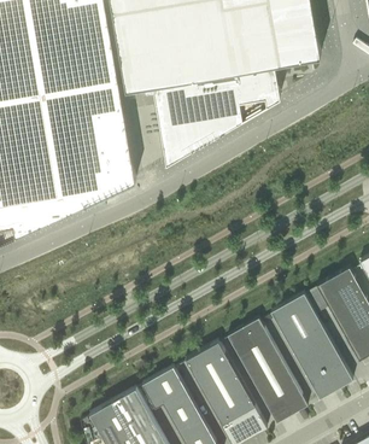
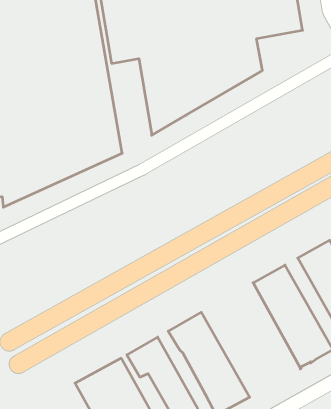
building: [227,319,307,423] -> none

